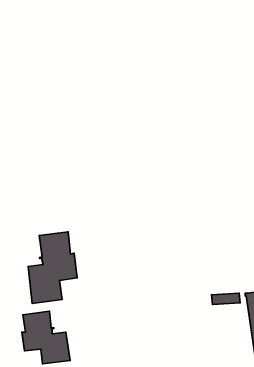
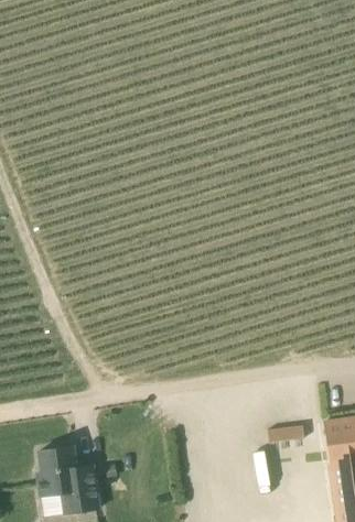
building: [28,232,77,304] -> none

